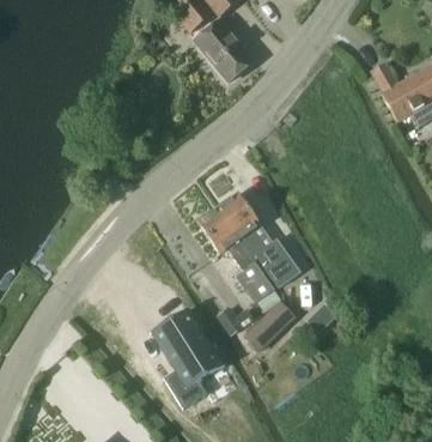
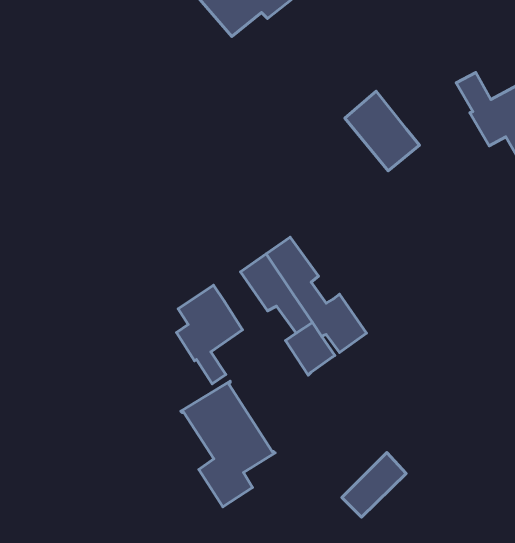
building: [195,18,255,81] -> [345,91,420,171]
building: none -> [176,285,242,384]
building: [244,301,296,352] -> [342,453,406,517]

